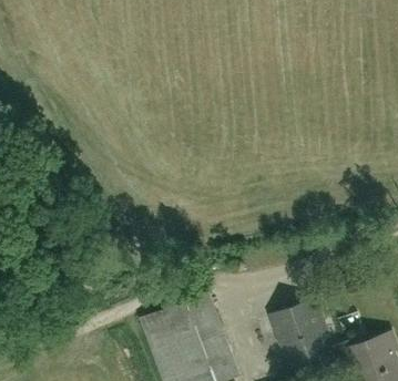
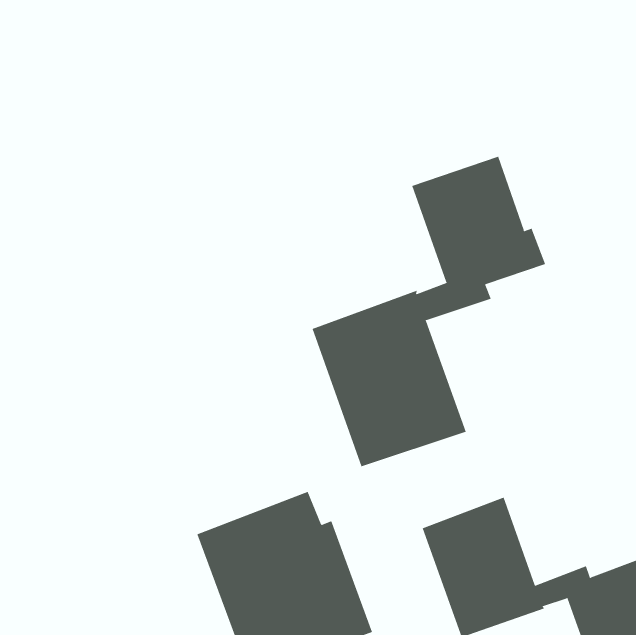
building: none -> [312,156,546,467]

